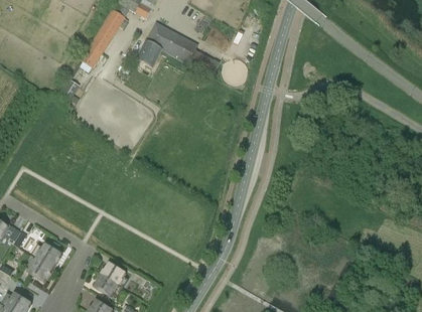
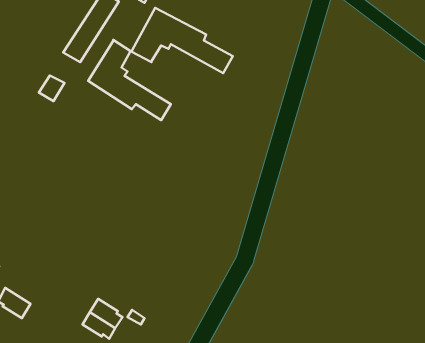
building: none -> [88,40,171,120]
building: [31,244,60,268] -> none

